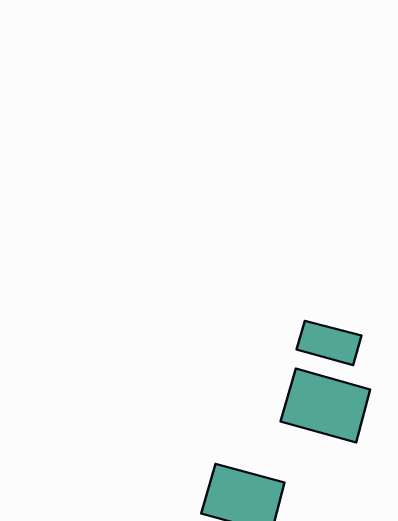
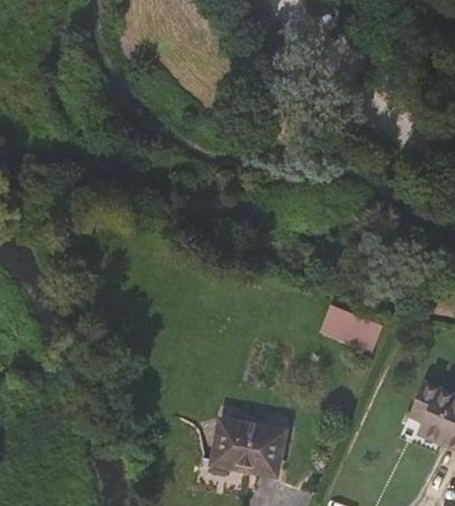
building: [280,368,370,443] -> none

